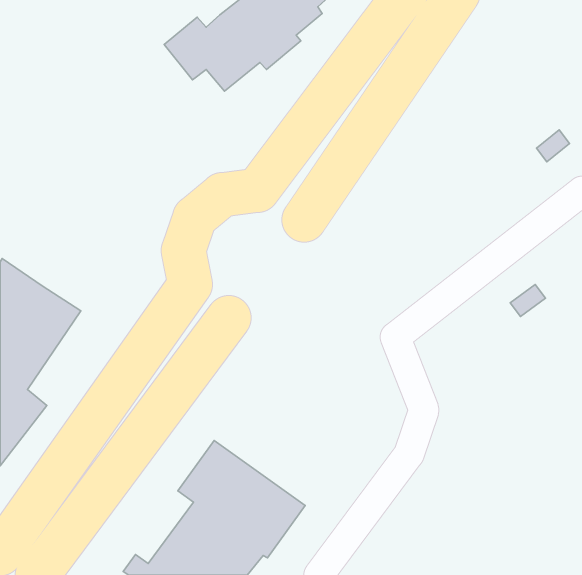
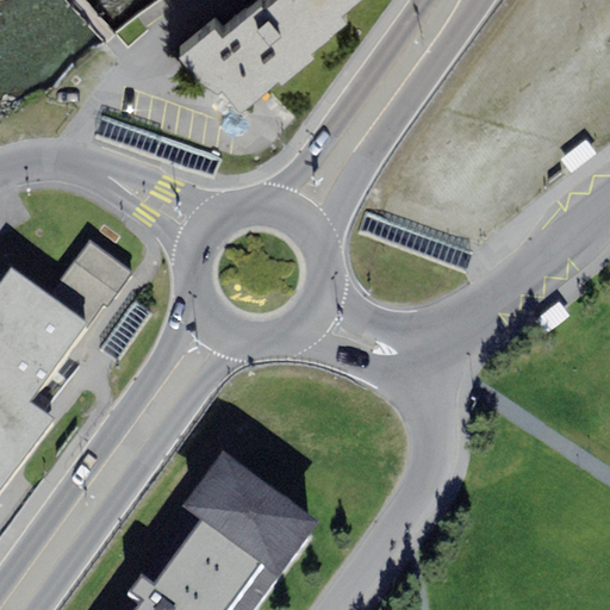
building: none -> [44,242,127,325]

